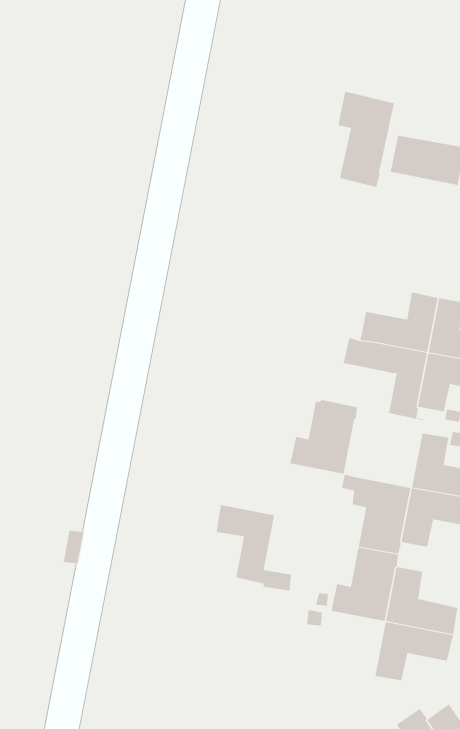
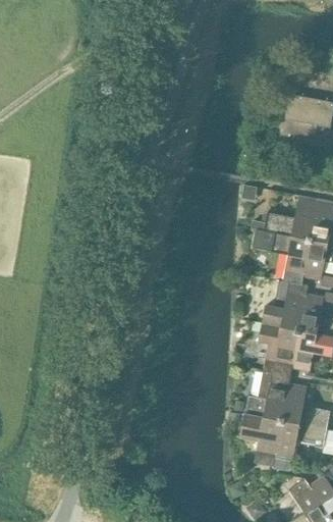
building: [338,91,395,188] -> none
building: [289,400,358,474] -> [261,281,307,331]
building: [216,505,292,591] -> [240,414,291,472]

